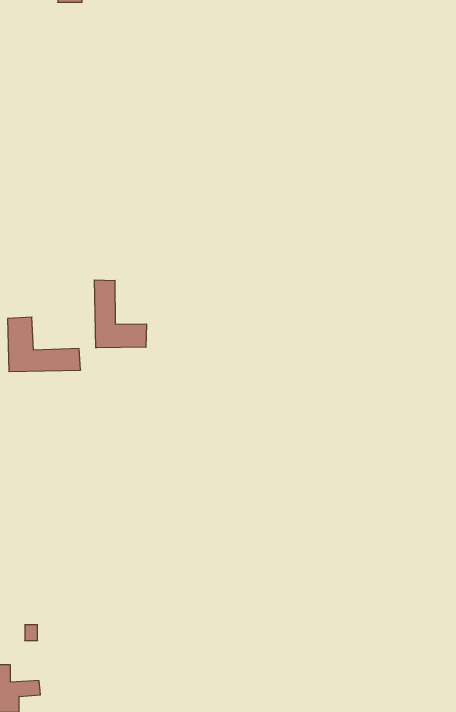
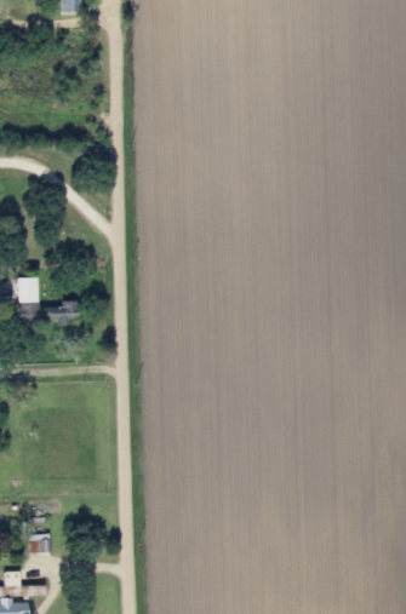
building: [95,280,146,348] -> none

